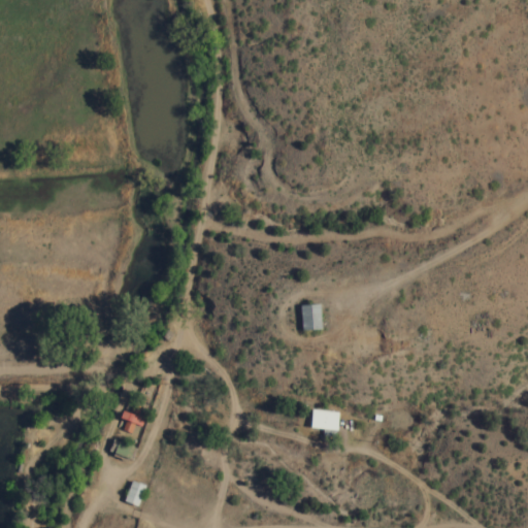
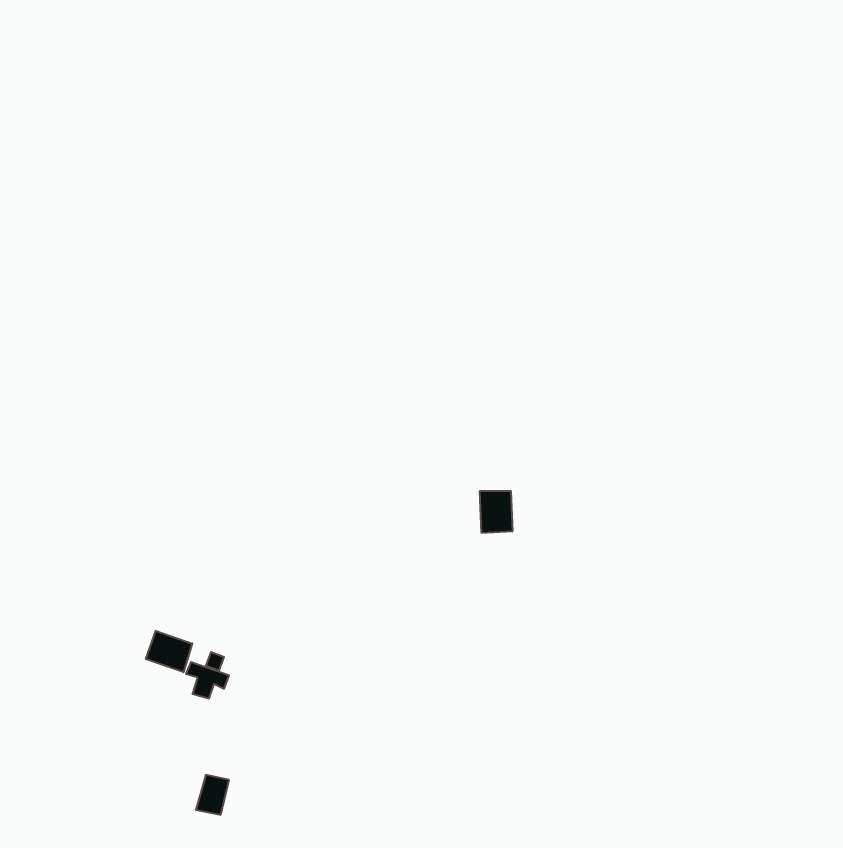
building: none -> [146,631,192,672]
building: [310,409,340,432] -> none

